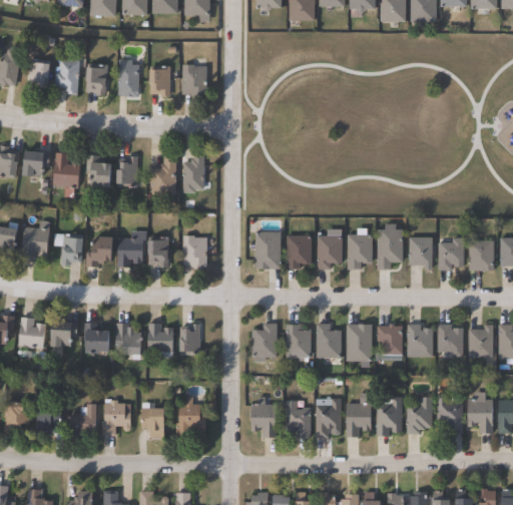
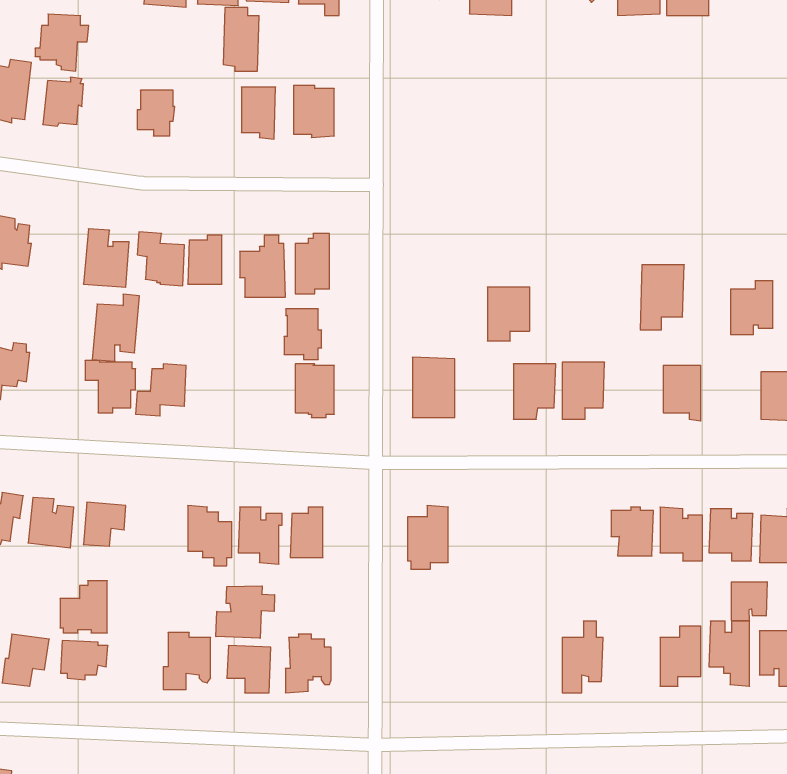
building: [51,59,84,94] -> [35,14,89,71]
building: [117,59,139,98] -> [223,8,259,71]
building: [24,150,46,177] -> none
building: [20,220,49,262] -> [92,294,139,361]
building: [376,229,403,270] -> [640,265,684,330]
building: [286,235,312,269] -> [487,287,530,341]
building: [147,236,170,268] -> [284,309,322,359]
building: [117,237,143,267] -> none
building: [438,237,464,271] -> [731,281,773,335]
building: [82,323,112,353] -> none
building: [286,324,312,359] -> none
building: [316,324,342,358] -> none
building: [346,325,373,362] -> none
building: none -> [731,582,767,621]
building: none -> [216,586,275,638]
building: [251,397,276,438] -> none
building: [374,397,402,436] -> none
building: [315,399,341,438] -> none
building: [285,401,311,438] -> none
building: [68,404,97,436] -> [60,581,107,633]

